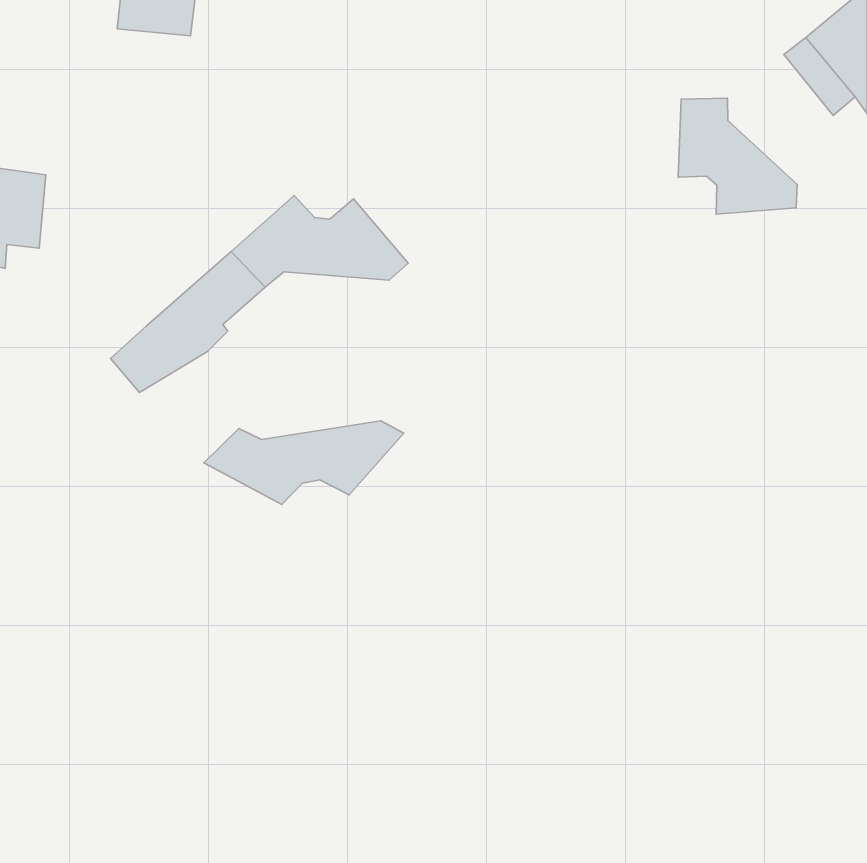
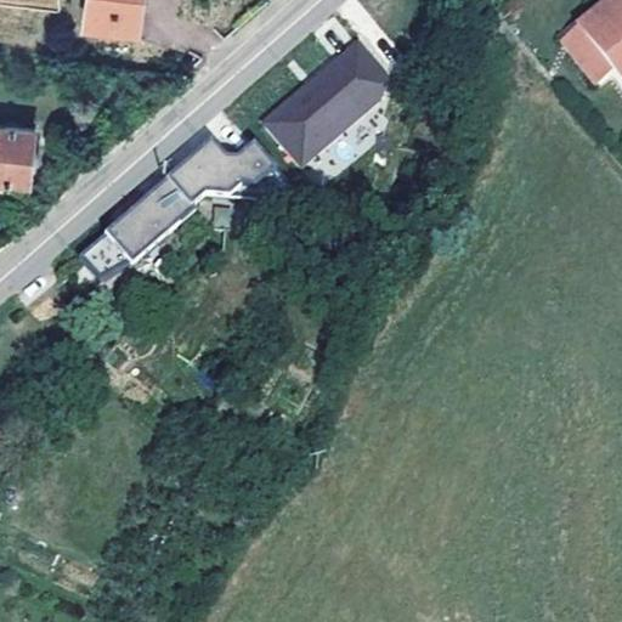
building: none -> [262,43,388,165]
building: [678,98,797,214] -> none
building: [204,421,404,504] -> none

